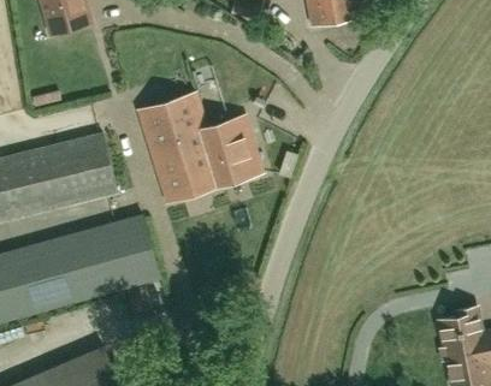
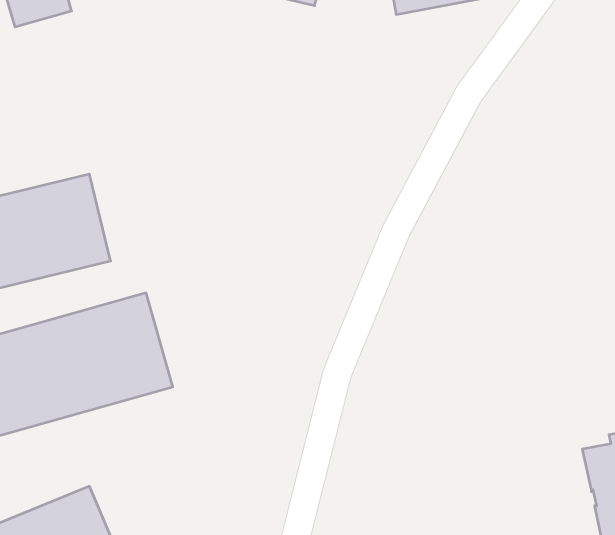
building: [141,93,261,200] -> none

